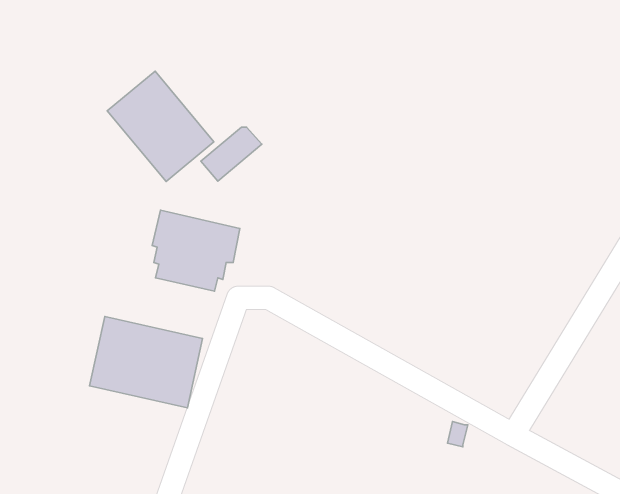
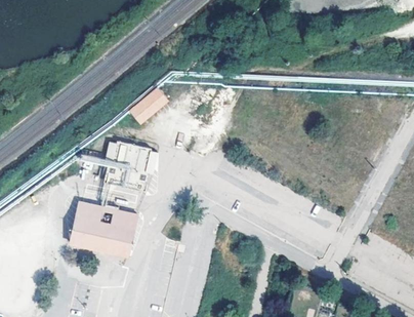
building: [107,71,214,181] -> none

